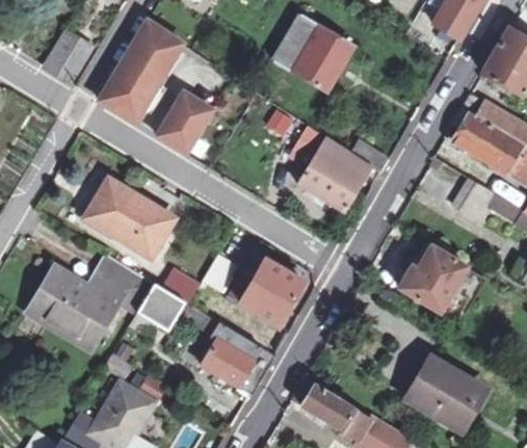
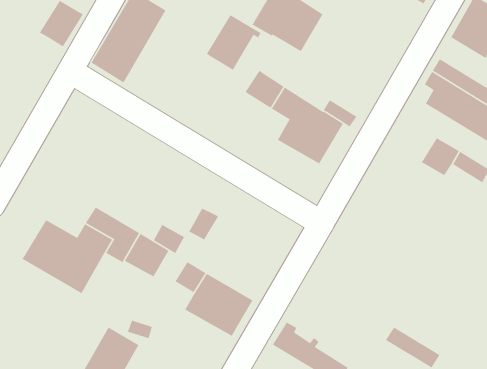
building: [159,93,218,153] -> [206,14,262,71]
building: [86,180,173,254] -> none
building: [403,243,466,311] -> none
building: [230,253,301,321] -> none
building: [424,362,486,412] -> none

